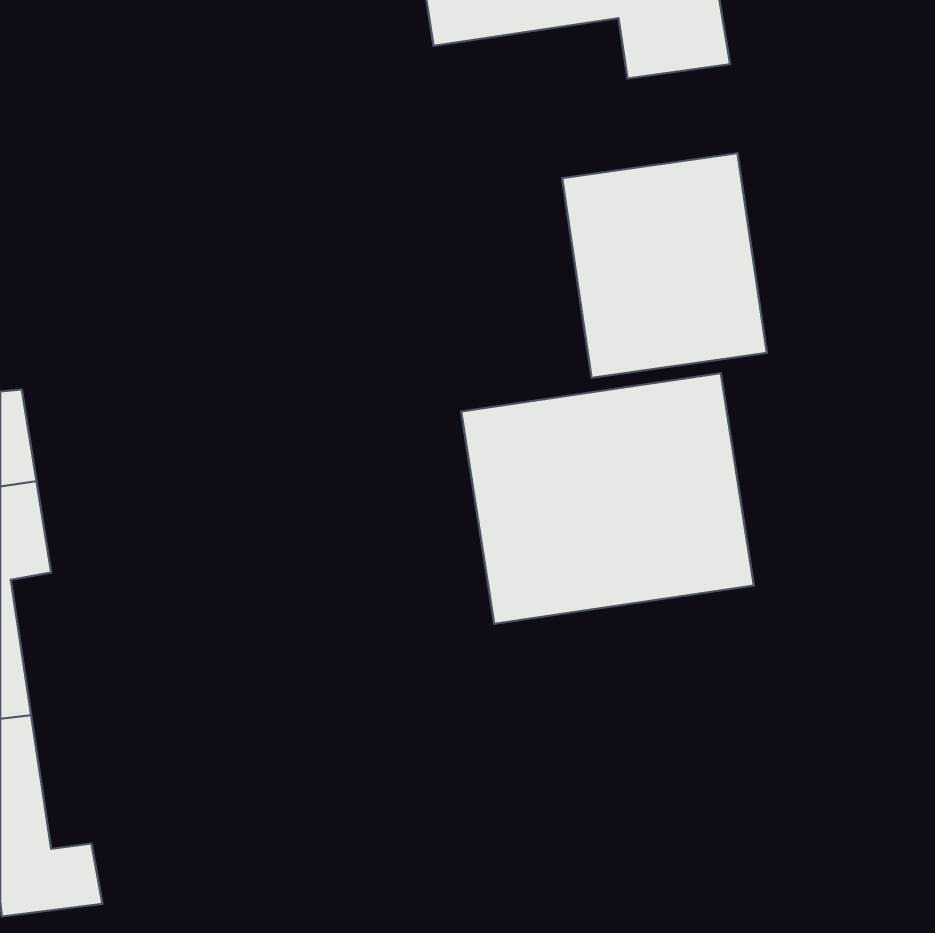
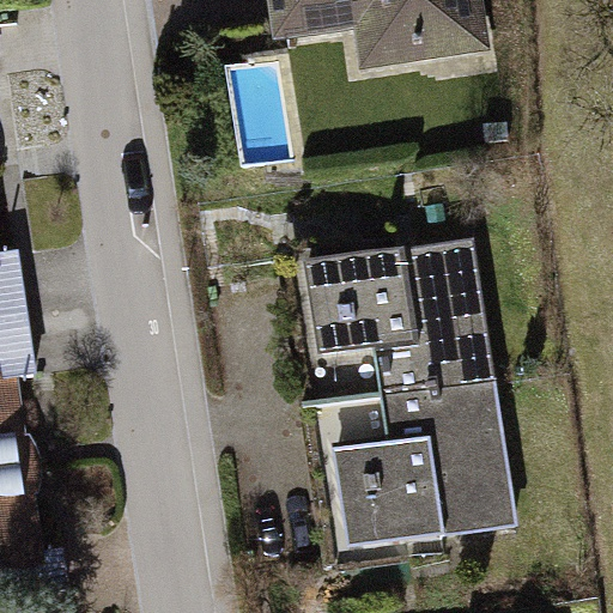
building: [562,153,767,378] -> none
building: none -> [323,383,515,551]

